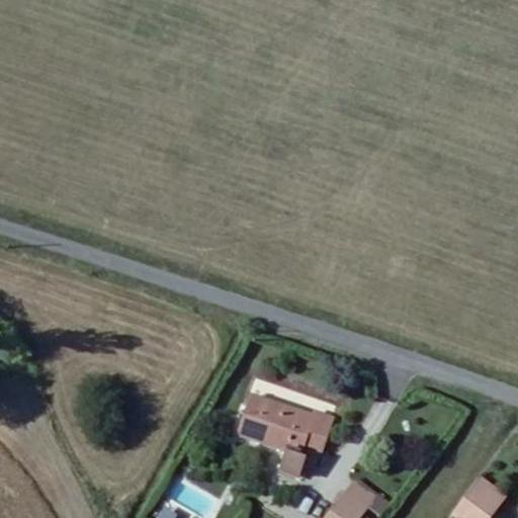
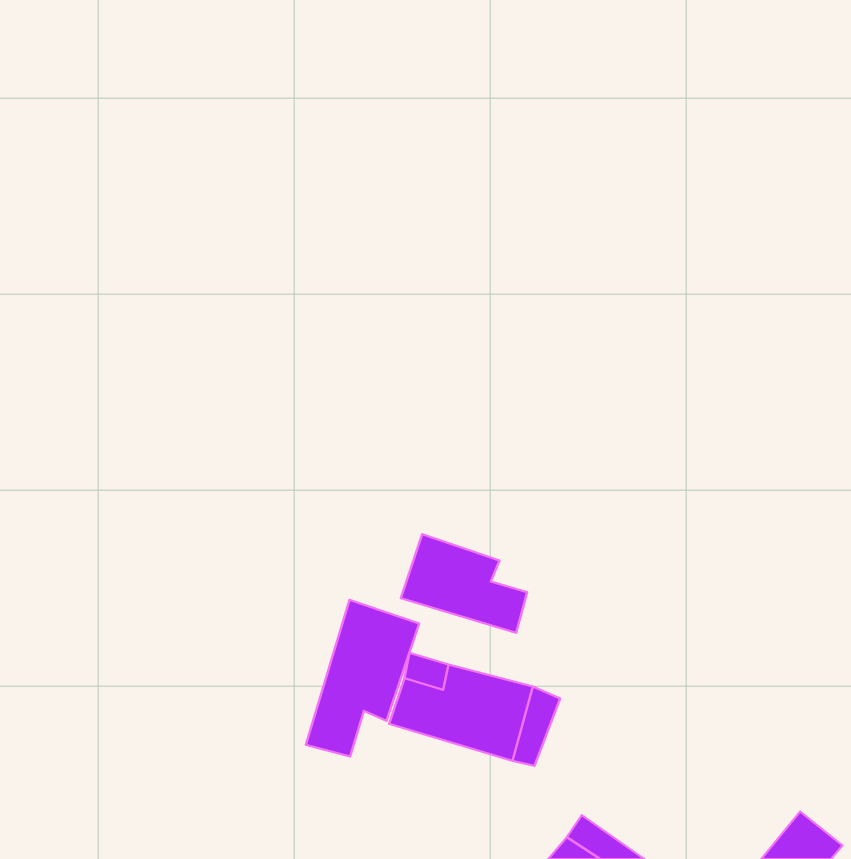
building: none -> [401,534,527,633]
building: none -> [306,600,419,757]

